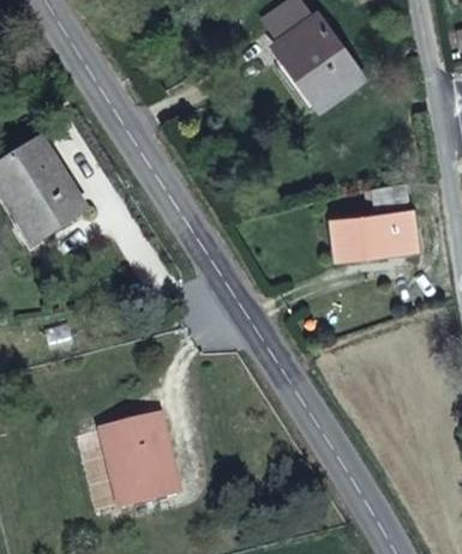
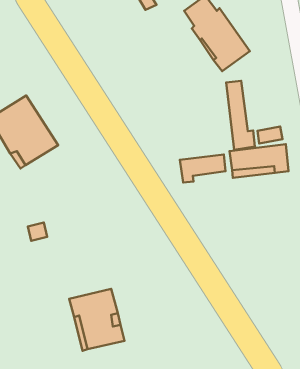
building: none -> [226,81,255,150]
building: none -> [180,155,226,183]

